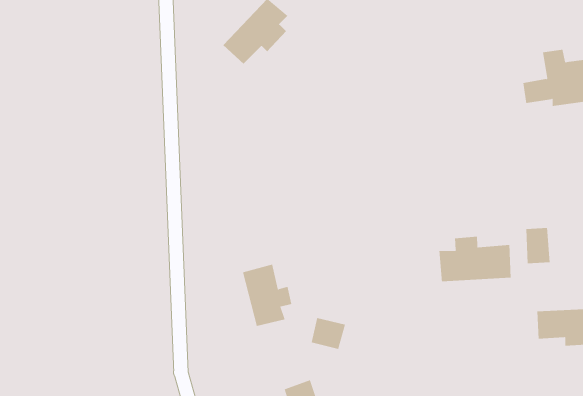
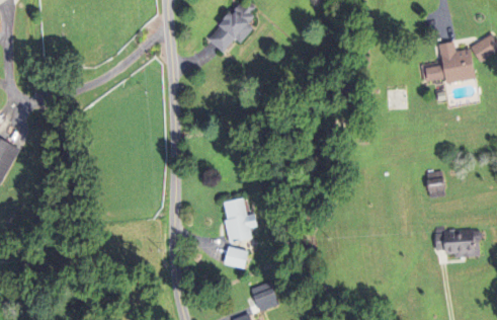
building: [439,236,511,282] -> none
building: [311,318,346,350] -> [224,246,249,269]

